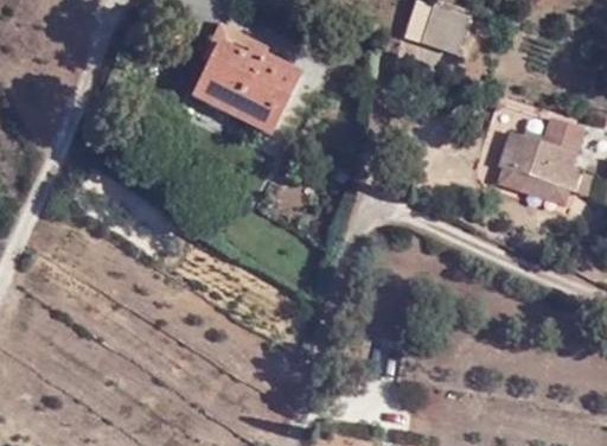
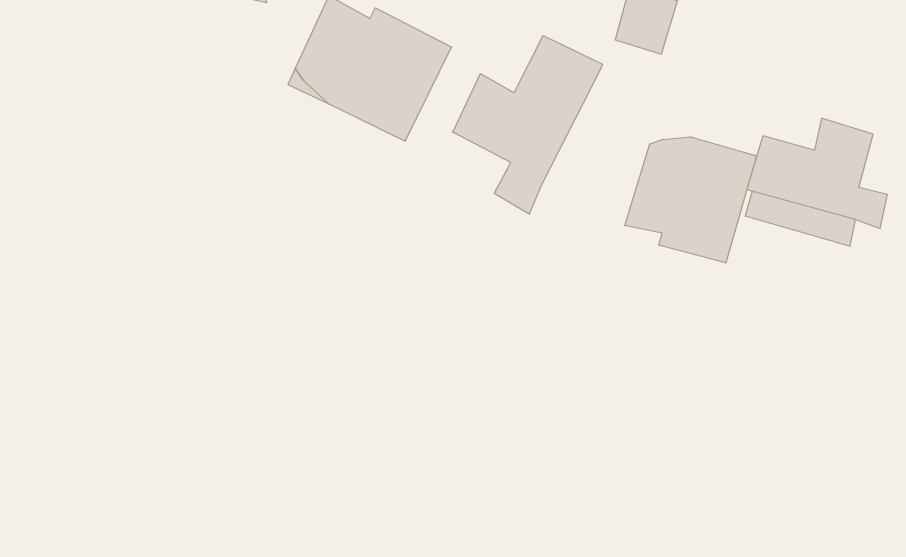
building: none -> [453,36,603,214]
building: none -> [625,137,756,263]

